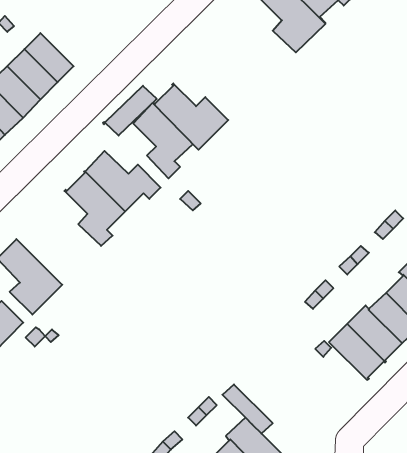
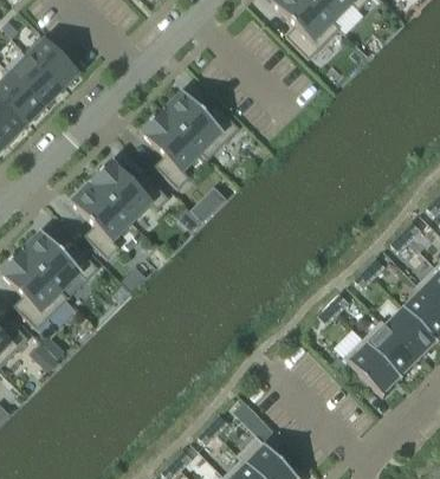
building: [103,86,156,136] -> none
building: none -> [20,229,98,298]

